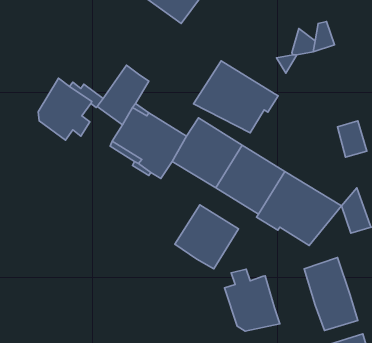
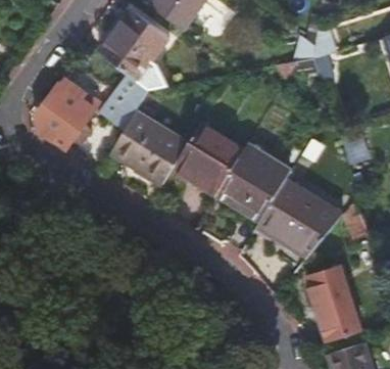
building: none -> [99,10,170,80]
building: [194,61,278,133] -> none
building: [175,205,239,269] -> none
building: [225,269,280,331] -> none

